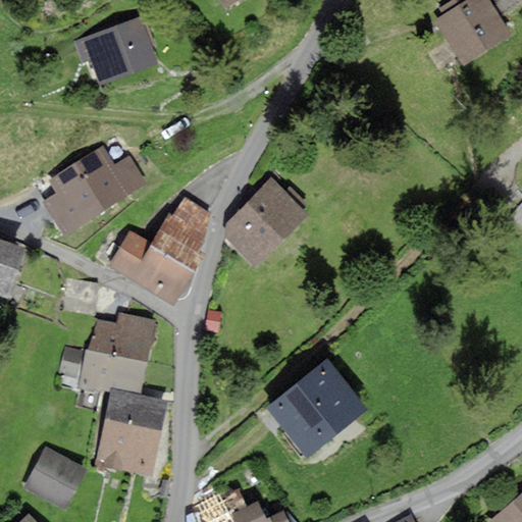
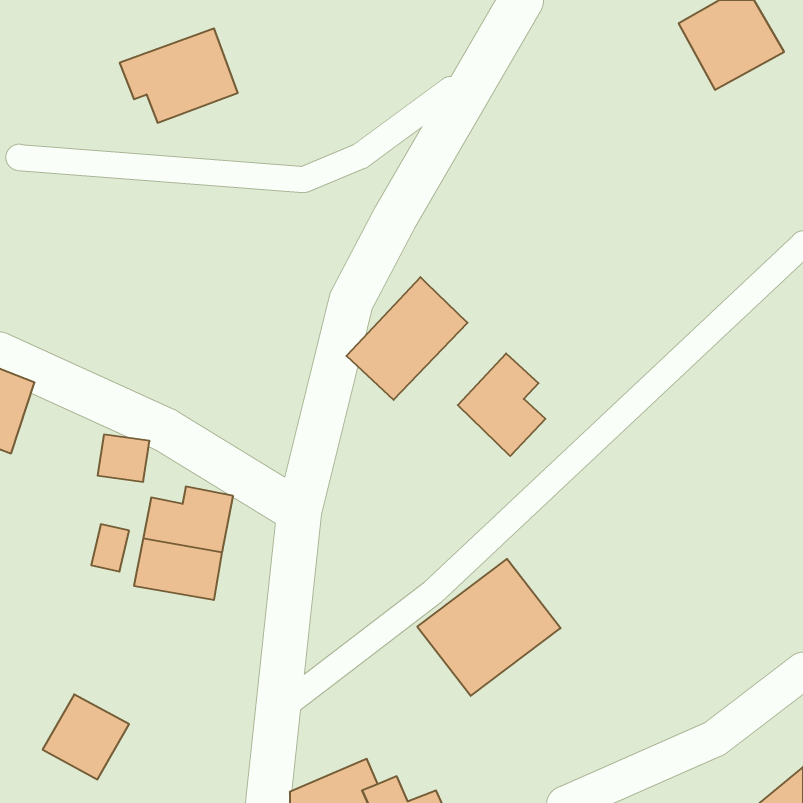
building: [50,150,147,229] -> none
building: [112,201,211,302] -> none
building: none -> [458,353,545,456]
building: [98,396,162,470] -> none

